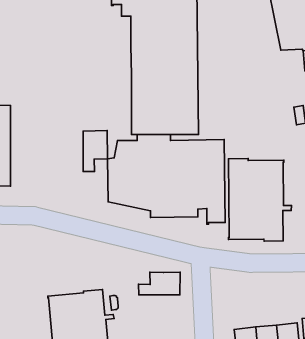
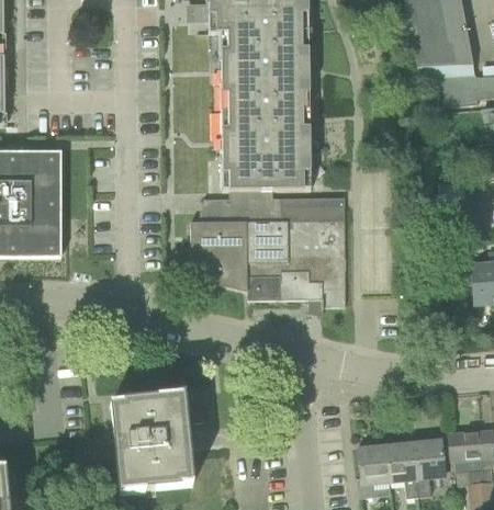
building: [83,131,107,172] -> none
building: [228,159,292,241] -> none
building: [139,272,180,295] -> none

